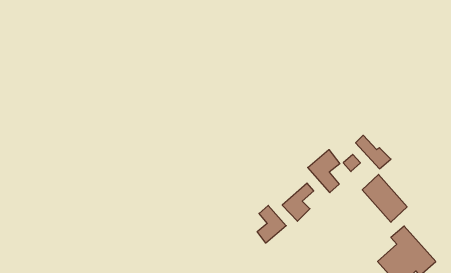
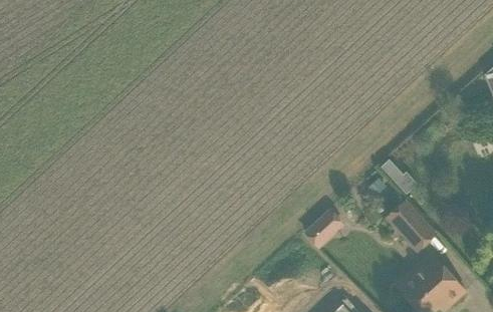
building: [308,150,340,193] -> none
building: [257,205,286,243] -> none

